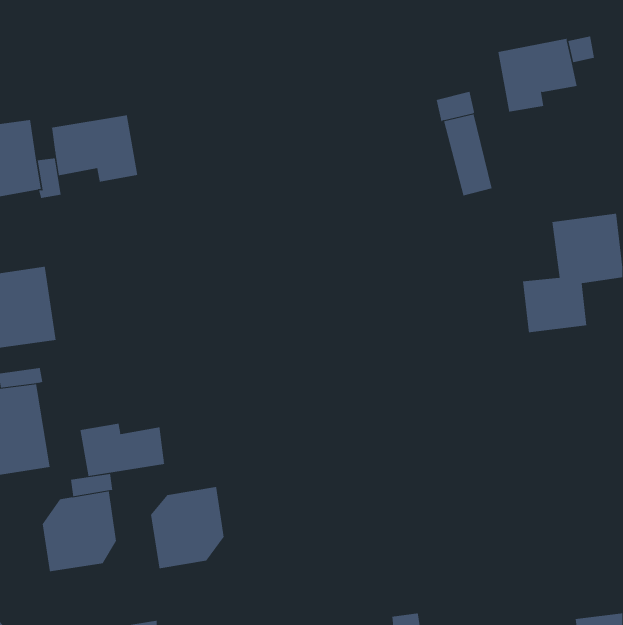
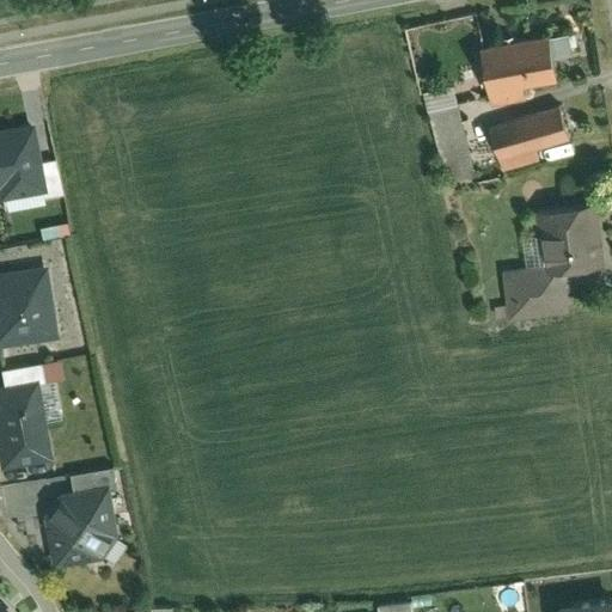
building: none -> [491,112,573,178]
building: [51,114,138,183] -> none
building: [80,423,165,477] -> none
building: [151,486,224,569] -> none

